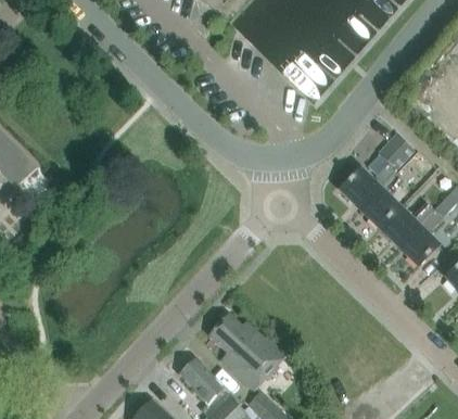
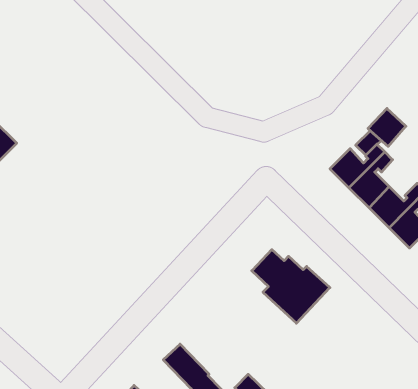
building: [211,318,287,390] -> [252,250,330,323]

